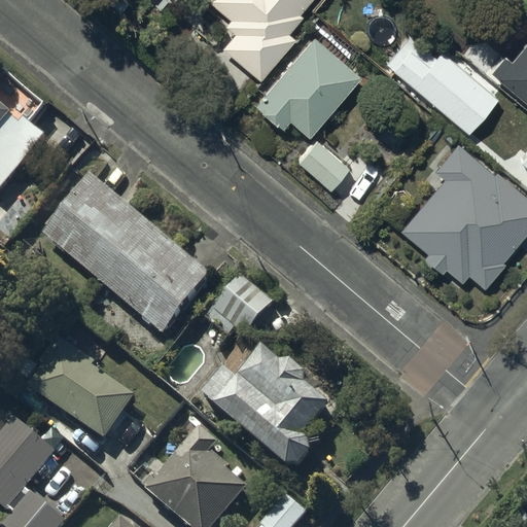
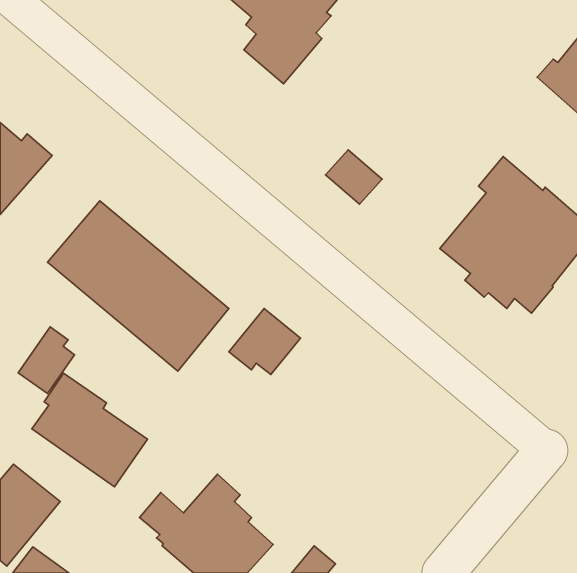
building: [386,30,500,130] -> none
building: [255,34,359,133] -> none
building: none -> [18,327,75,393]
building: [202,352,332,472] -> none

